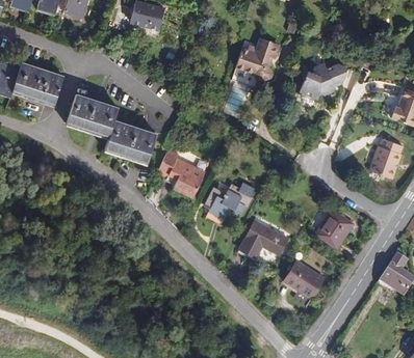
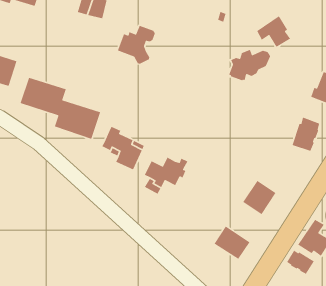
building: none -> [256,15,291,48]
building: [235,37,279,82] -> [117,25,156,65]
building: [239,220,288,257] -> none
building: none -> [286,249,315,275]

